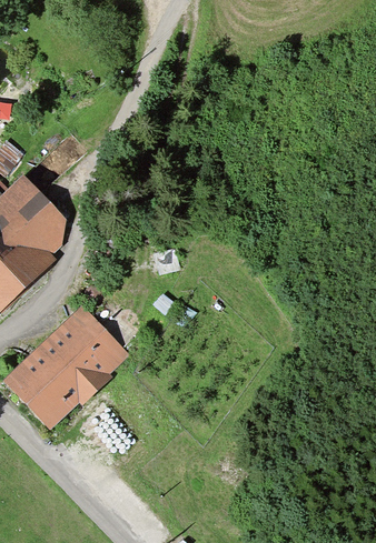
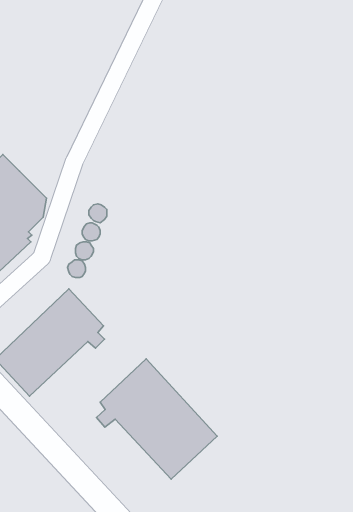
building: none -> [96,359,217,479]

